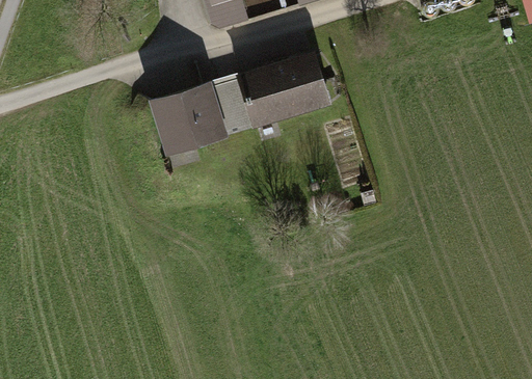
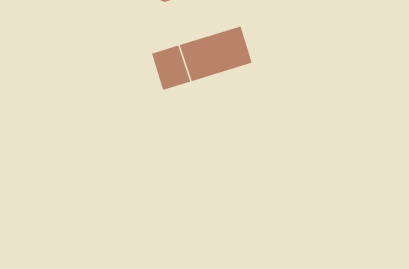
building: [157,87,218,141] -> none

